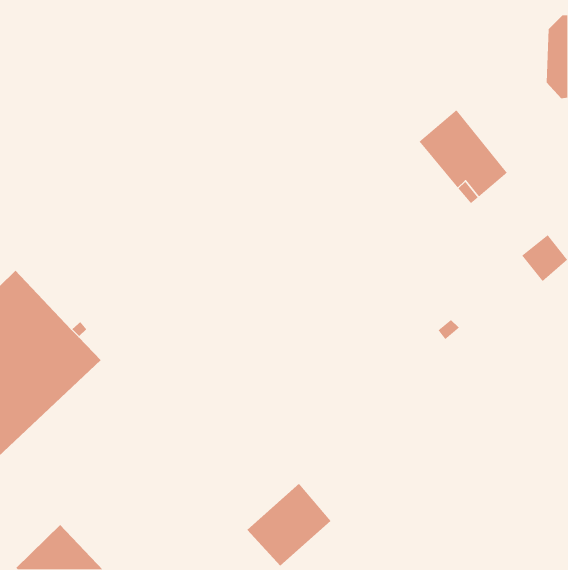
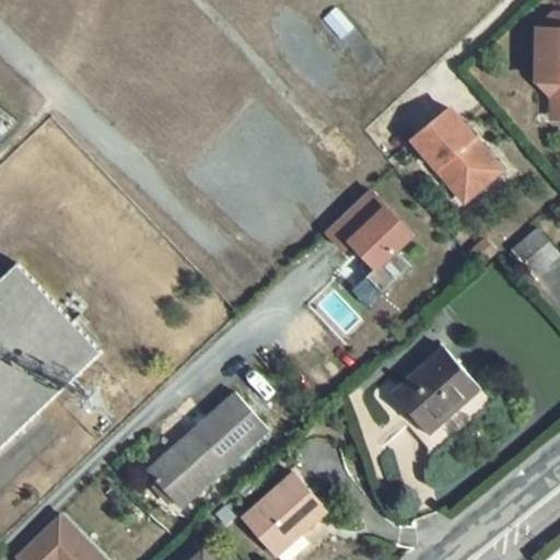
building: none -> [324,188,413,280]
building: none -> [390,348,480,435]
building: none -> [147,394,267,508]

